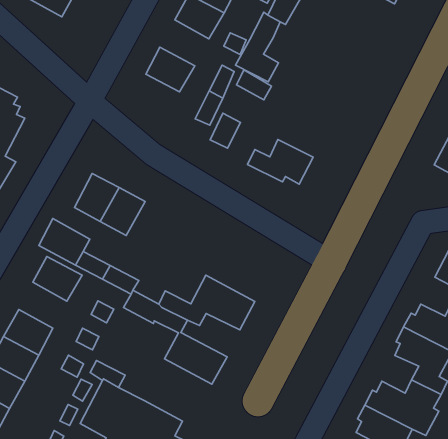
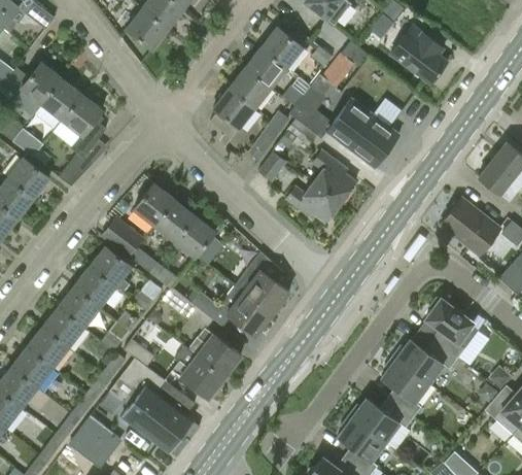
building: none -> [229,67,271,108]
building: none -> [326,98,399,167]
building: none -> [312,149,355,201]
building: none -> [174,214,215,257]
building: none -> [235,252,288,313]
building: none -> [74,266,115,307]
building: none -> [172,345,224,399]

